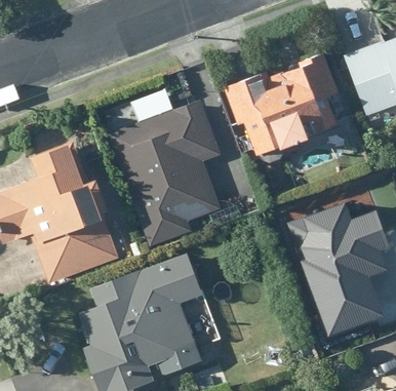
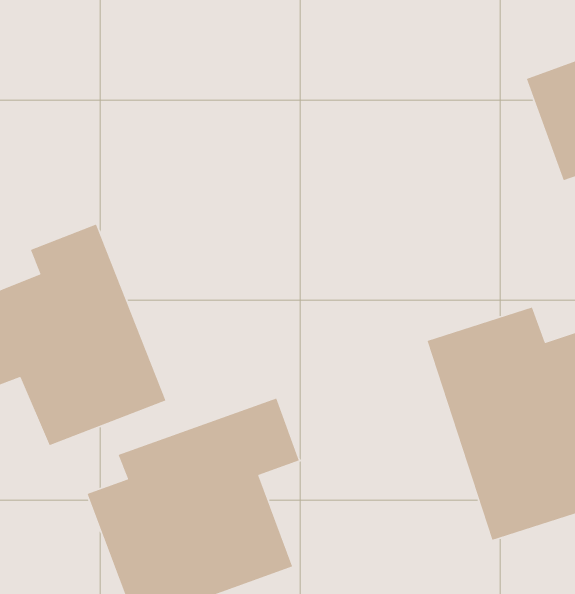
building: [231,50,341,156] -> none
building: [108,102,221,248] -> none

